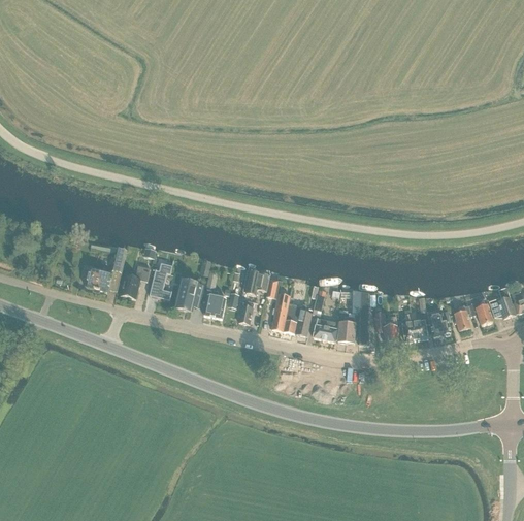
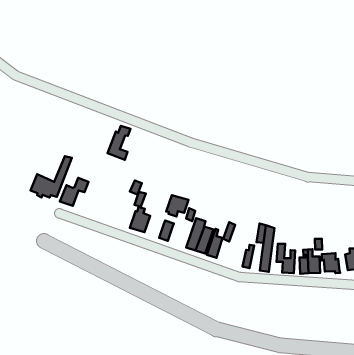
building: [150,261,172,299] -> [108,126,131,160]
building: [176,280,202,308] -> none
building: [314,317,338,341] -> none

